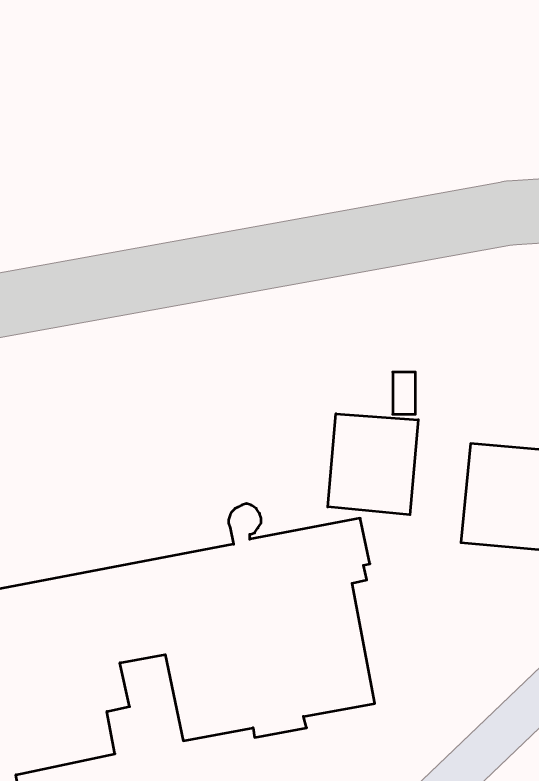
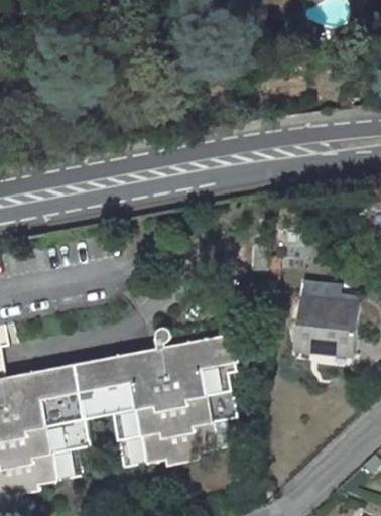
building: [328,414,418,515] -> none

